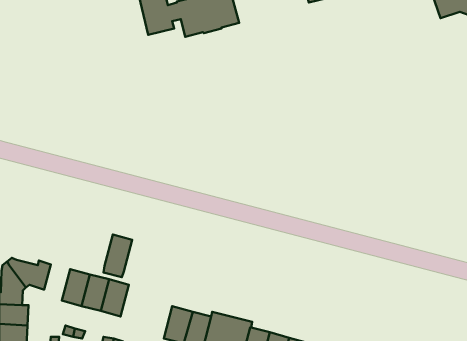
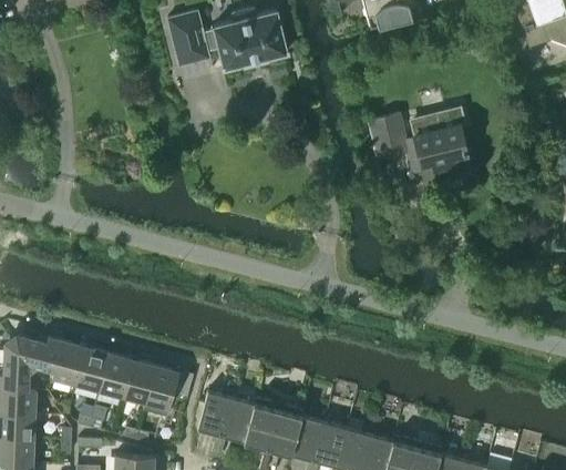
building: none -> [368,114,471,183]
building: [103,234,132,277] -> [144,366,178,417]
building: none -> [51,341,85,385]

